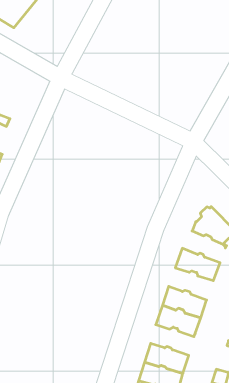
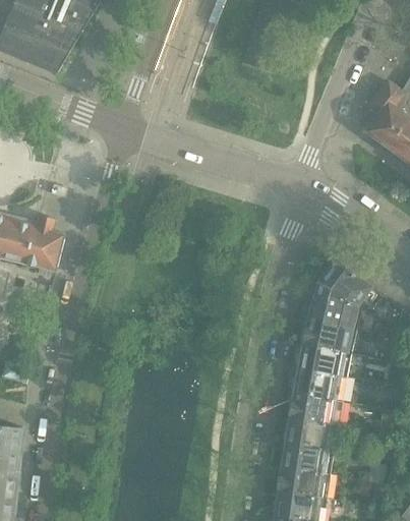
building: none -> [306,294,360,329]
building: none -> [296,343,351,378]
building: none -> [284,417,337,450]

